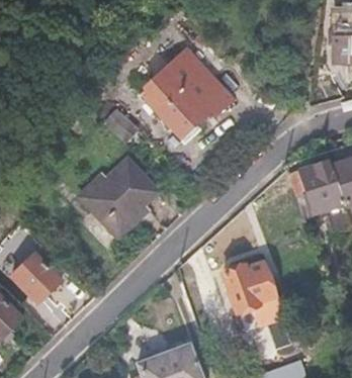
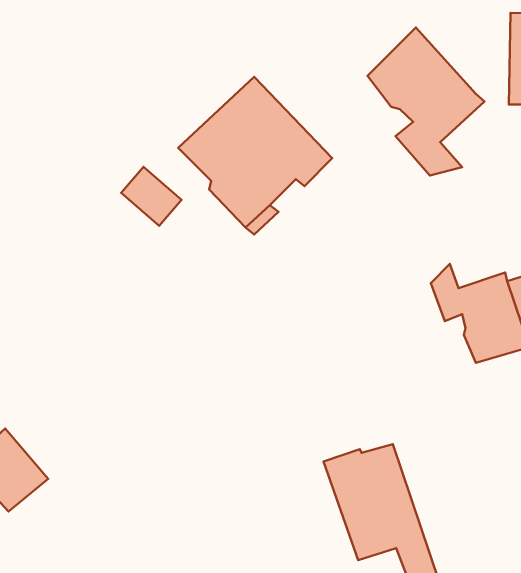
building: none -> [367,28,485,176]
building: [81,161,160,235] -> none

